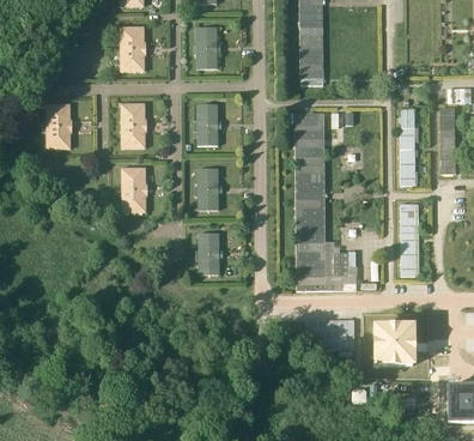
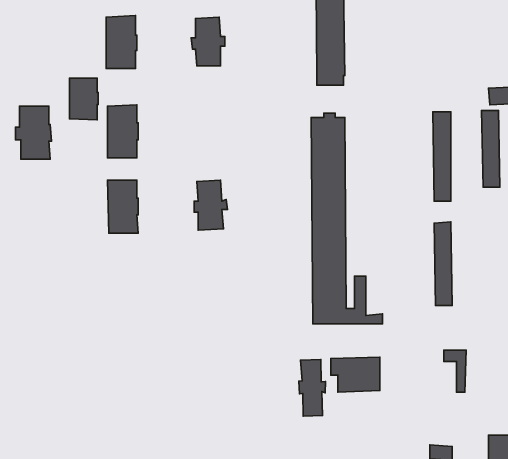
building: none -> [70,78,98,120]
building: [194,103,223,145] -> none
building: [196,231,224,274] -> none
building: none -> [299,360,326,416]
building: [376,327,412,364] -> none

